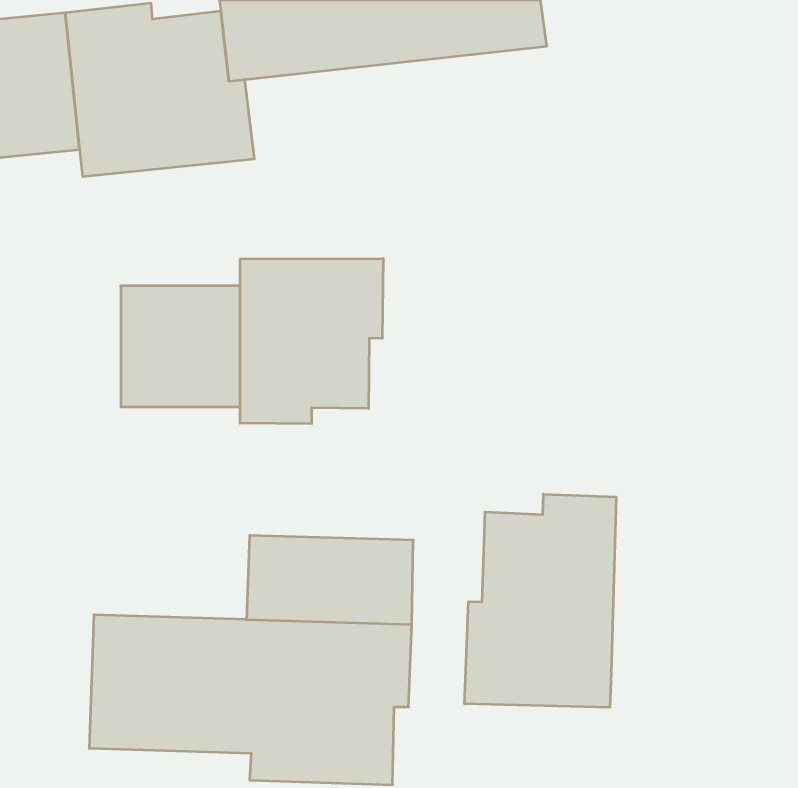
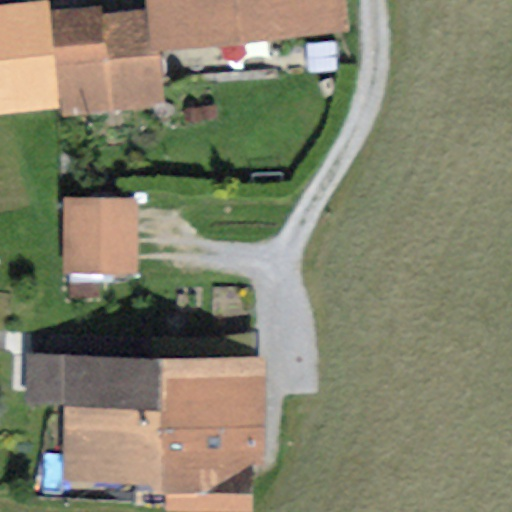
building: [240,258,383,424] -> none
building: [465,494,616,707] -> none
building: none -> [19,348,157,405]

